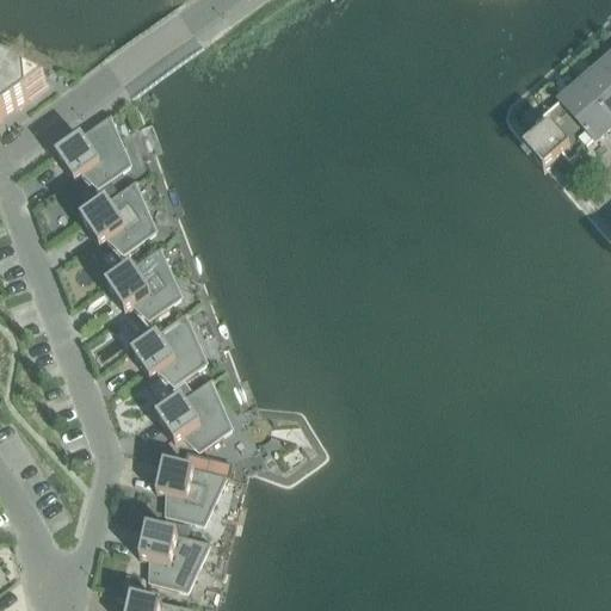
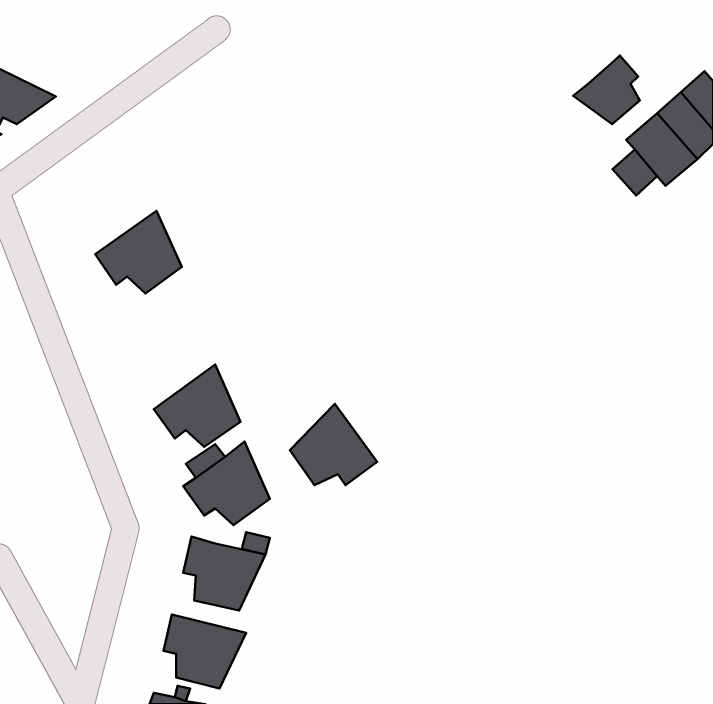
building: none -> [573,56,640,124]
building: [56,113,130,185] -> none
building: [106,246,180,316] -> none
building: none -> [290,404,377,485]

